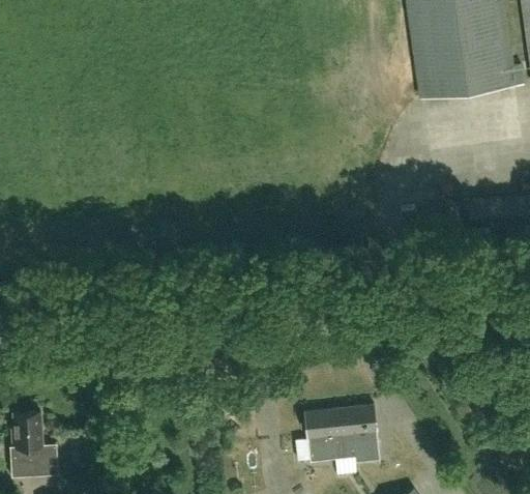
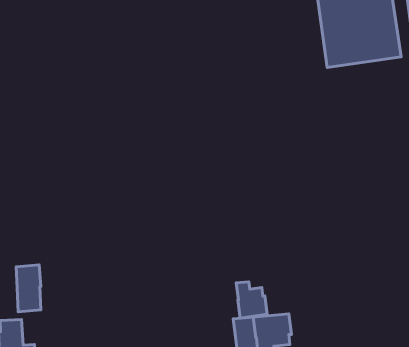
building: none -> [16,265,41,312]
building: none -> [236,282,267,318]

